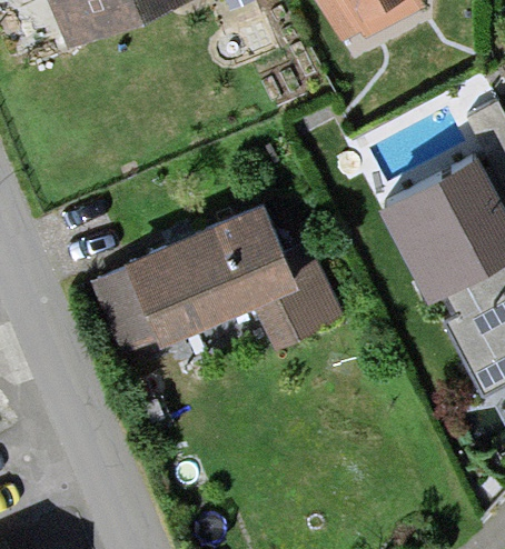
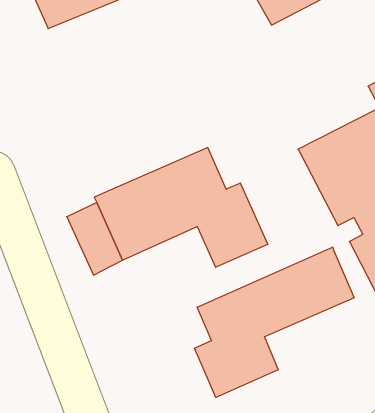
building: none -> [195,247,354,397]

